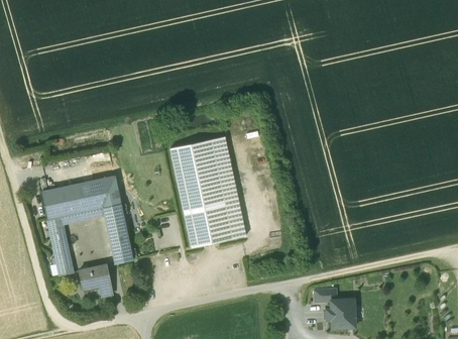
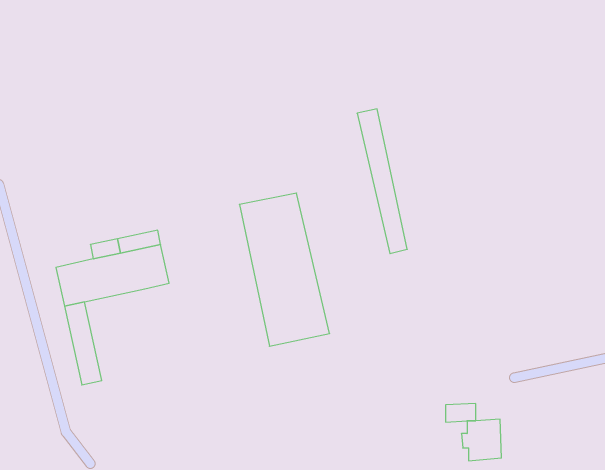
building: [211,137,246,239] -> [357,109,407,254]
building: [104,204,133,264] -> none
building: [79,264,113,297] -> none

